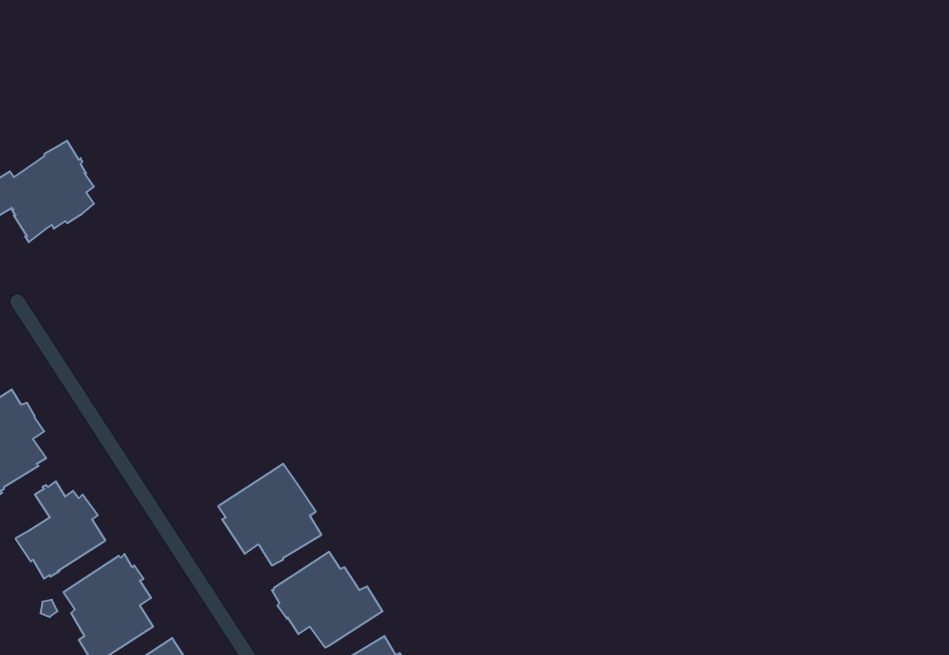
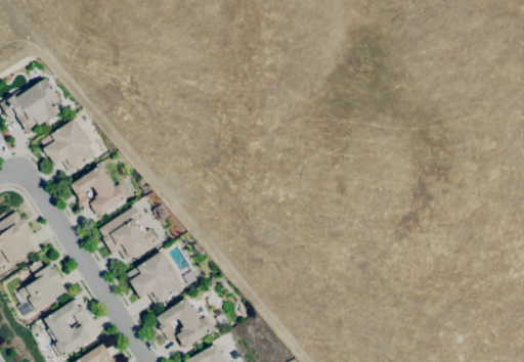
building: none -> [41,120,96,172]
building: none -> [70,165,129,216]
building: none -> [99,206,159,260]

